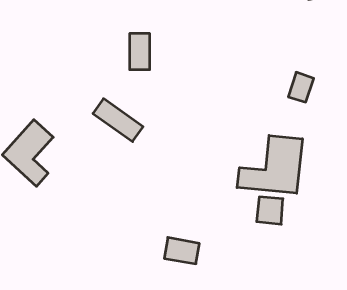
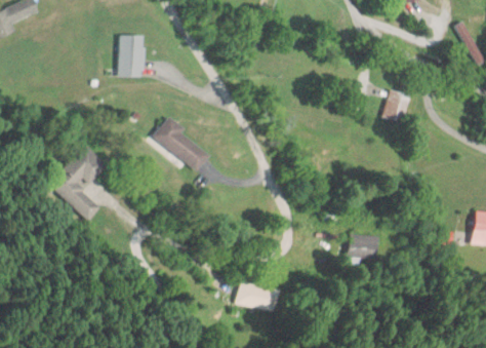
building: [130,34,150,70] -> [120,34,144,76]
building: [237,135,302,193] -> none

